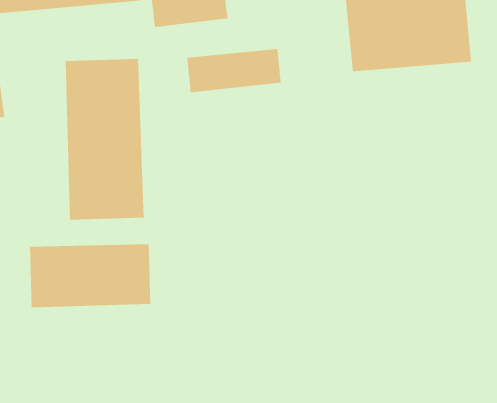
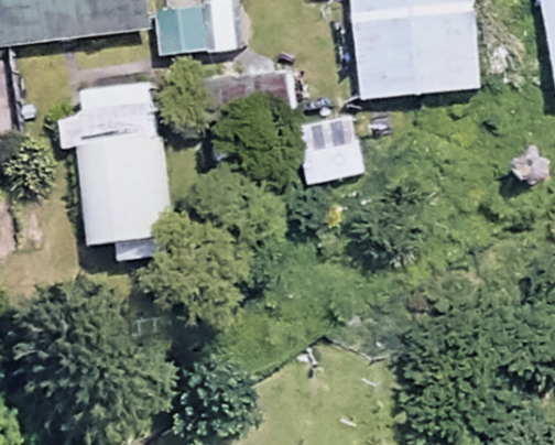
building: [29,243,151,308] -> none

